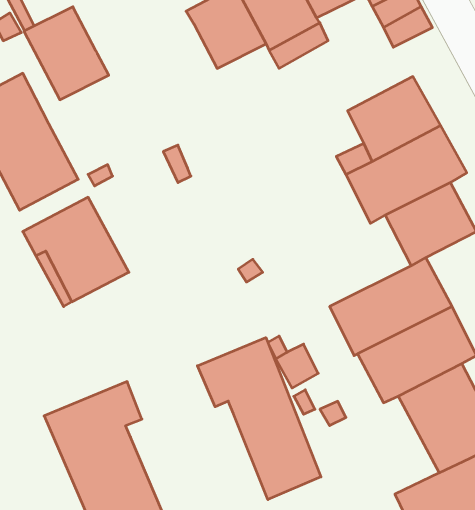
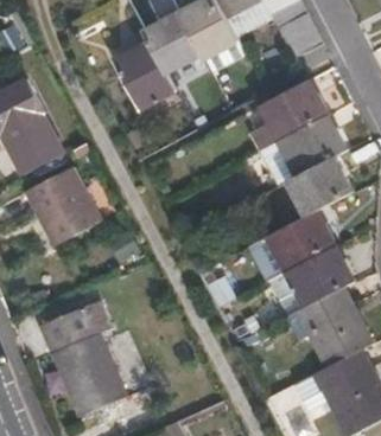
building: [24,7,109,100] -> [113,40,174,108]
building: [197,338,321,500] -> none

